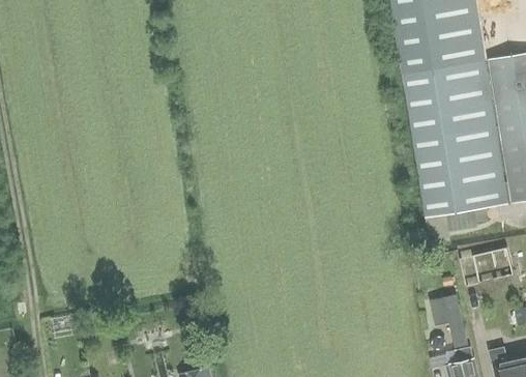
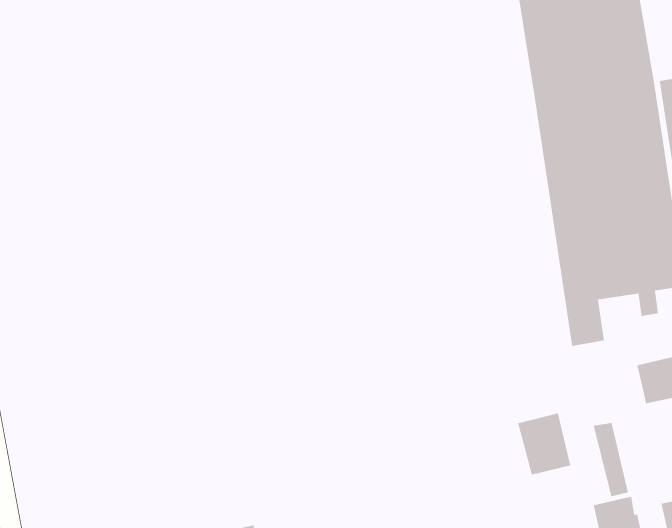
building: none -> [517,412,571,475]

